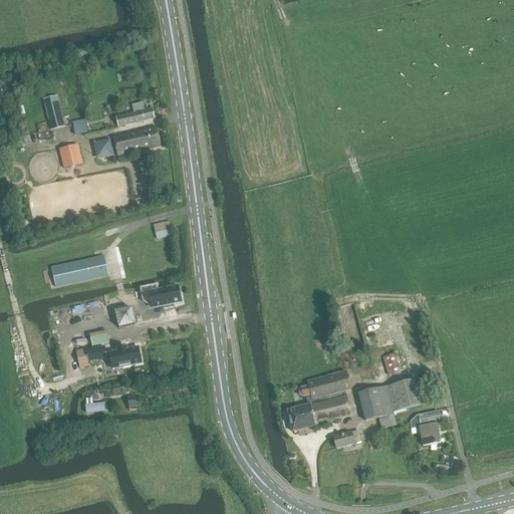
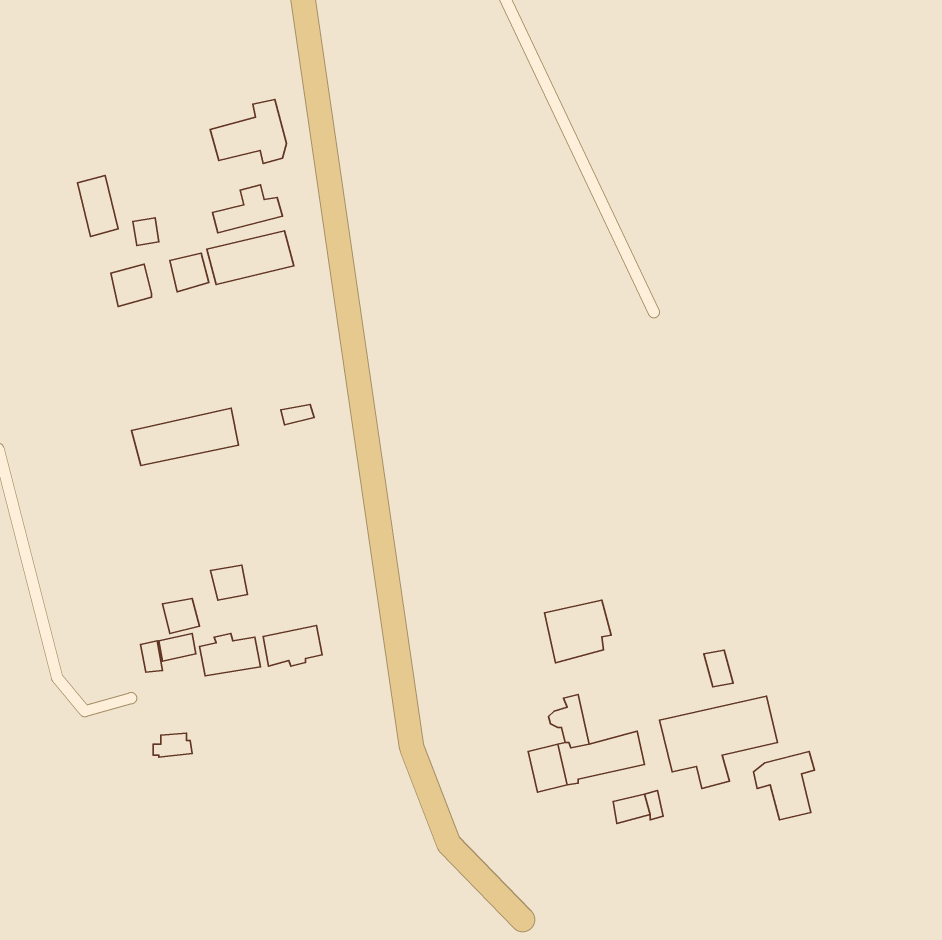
building: none -> [210,99,286,163]
building: [50,254,108,285] -> [131,408,239,466]
building: [149,285,181,307] -> [263,625,322,666]
building: [314,370,350,405] -> [545,600,611,663]

